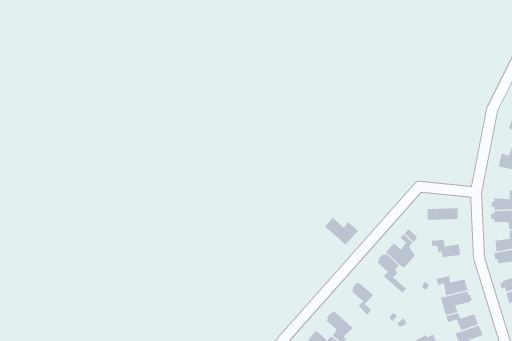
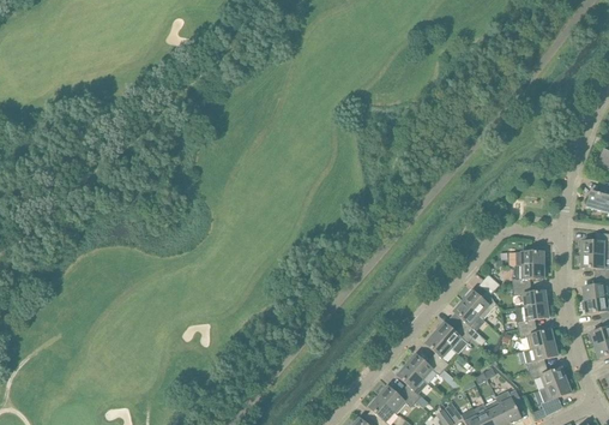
building: [324,217,359,245] -> [434,322,472,353]
building: none -> [512,264,544,287]
building: none -> [514,304,550,329]
building: none -> [406,354,447,383]

